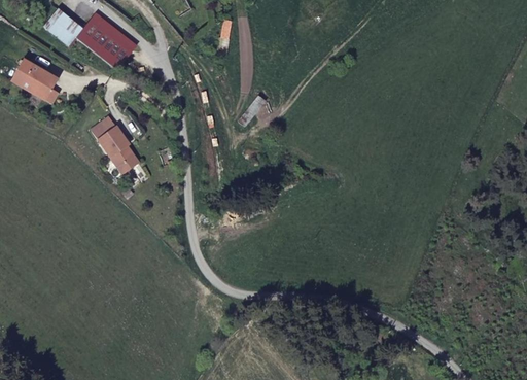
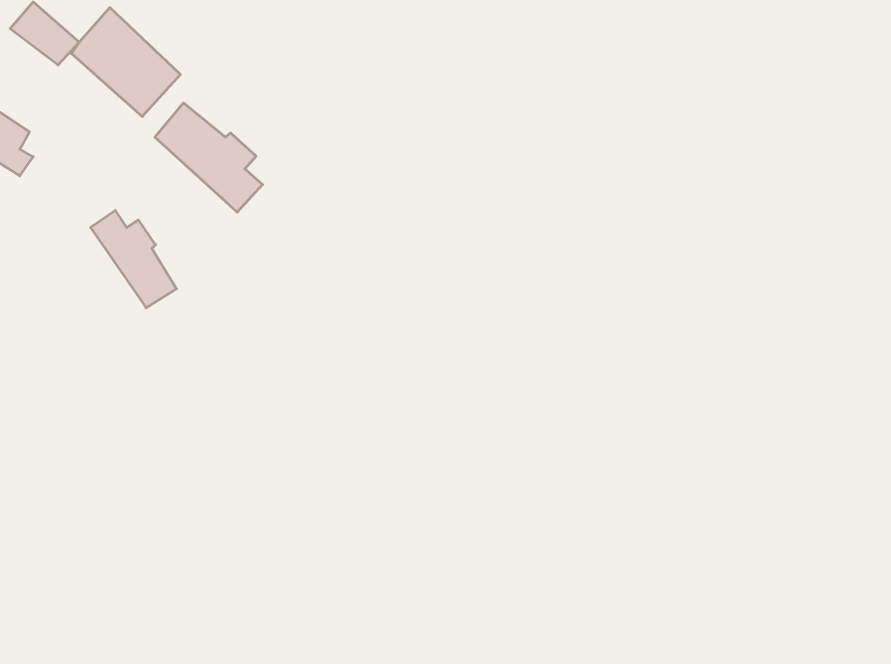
building: none -> [155,103,263,212]

